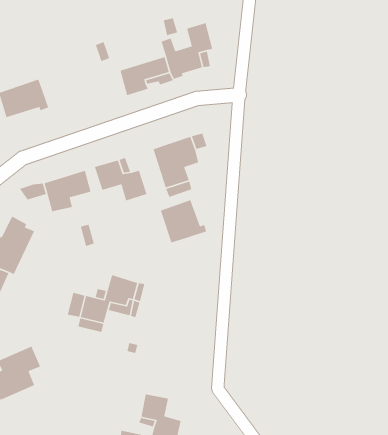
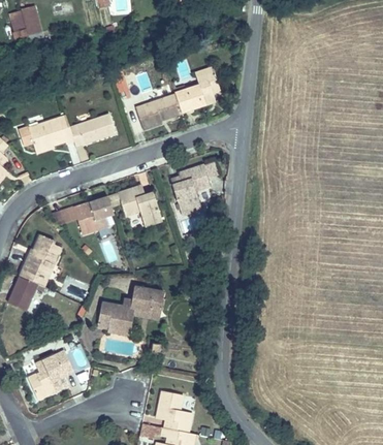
building: none -> [71,112,117,146]
building: [160,199,207,243] -> none

